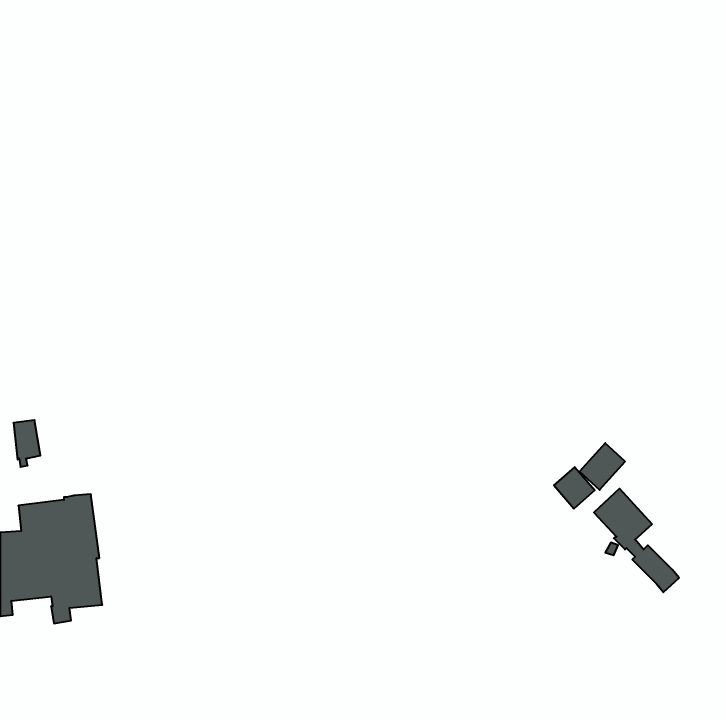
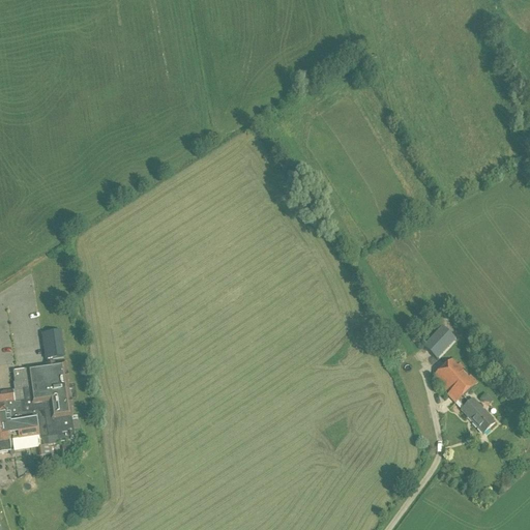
building: [13,420,40,467] -> [43,328,63,362]
building: [554,467,595,509] -> none

